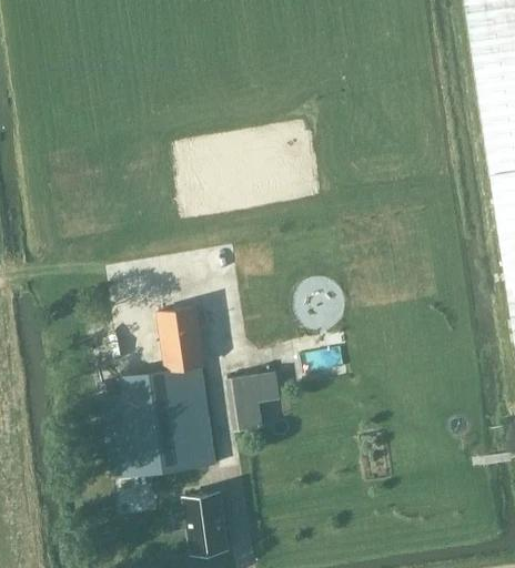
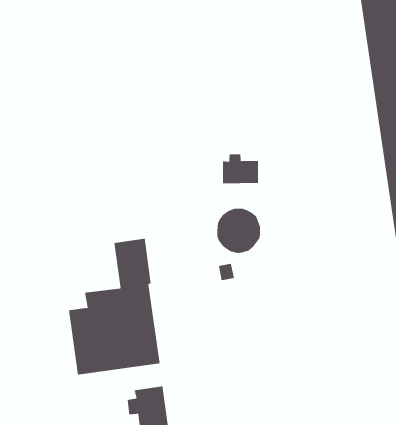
building: none -> [223,153,258,184]
building: [225,372,280,433] -> none

